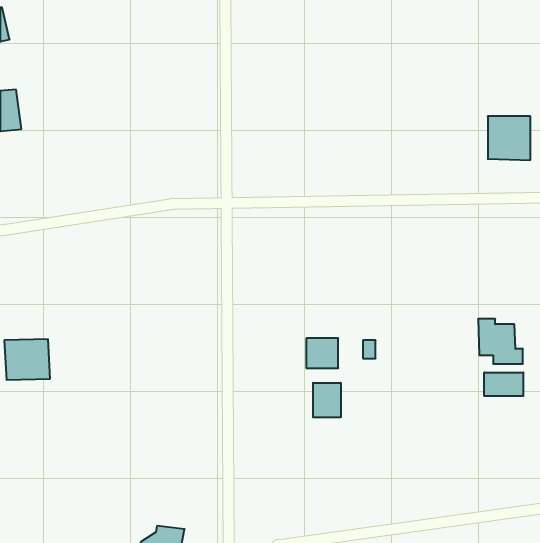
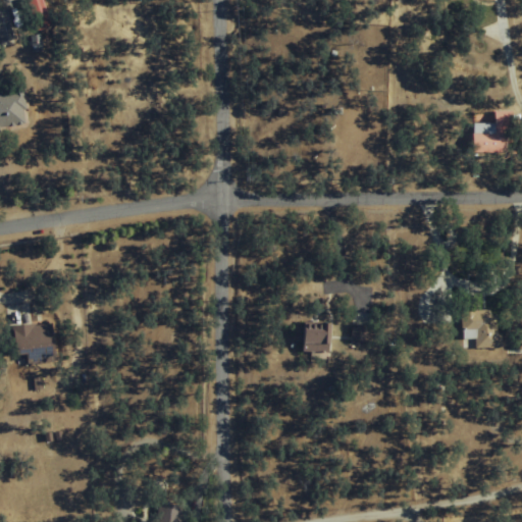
building: [484,372,523,396] -> none
building: [313,383,341,417] -> none

